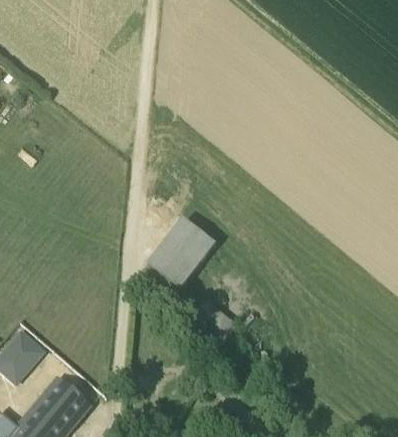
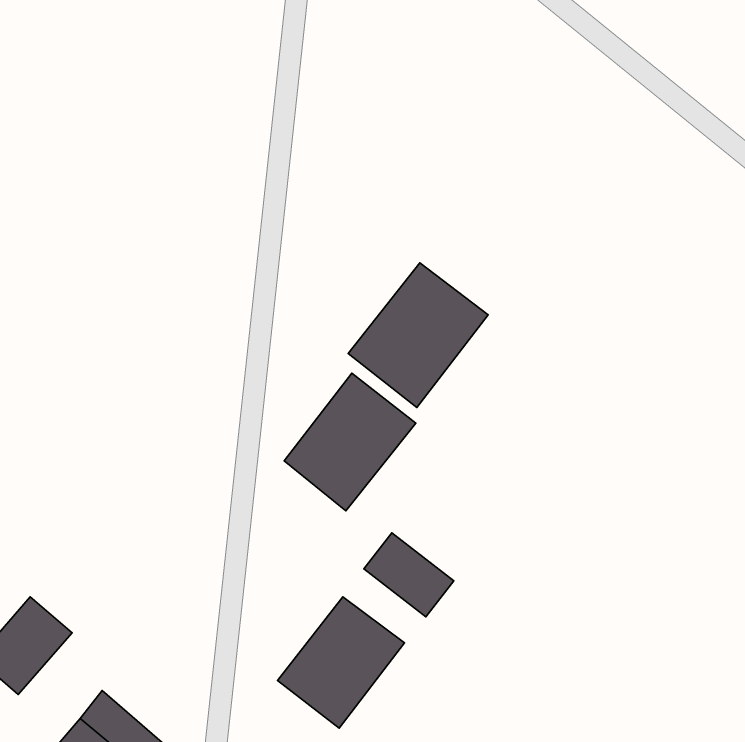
building: none -> [348,263,488,407]
building: none -> [277,597,404,728]

